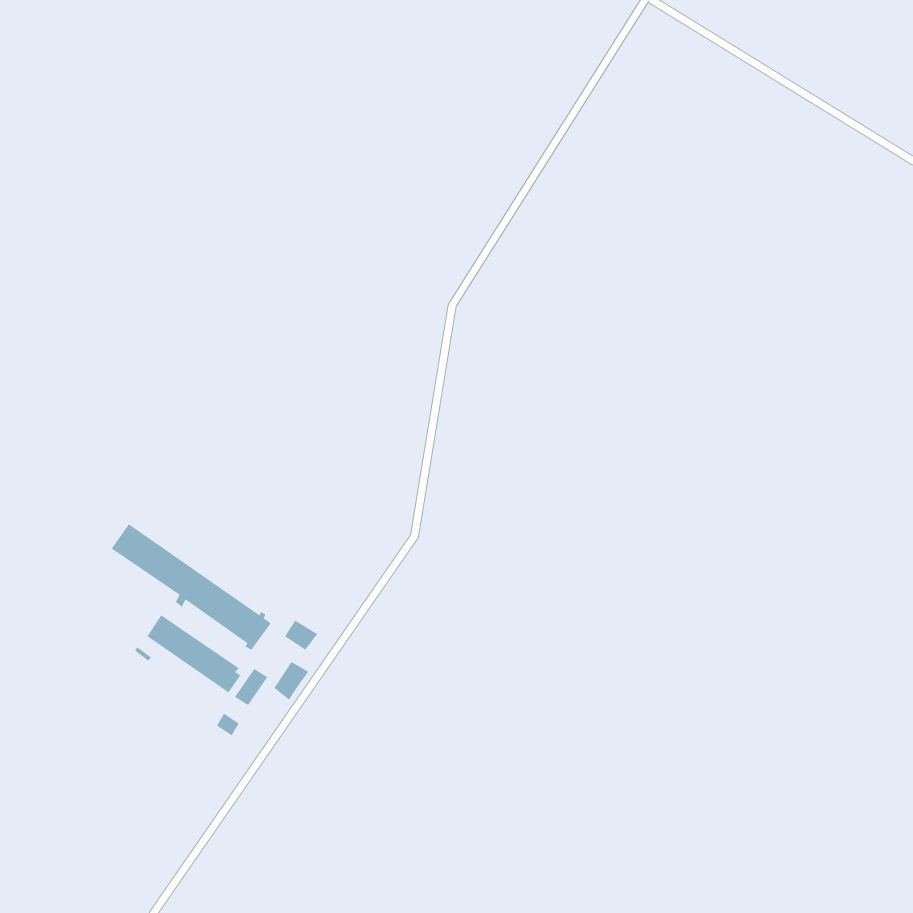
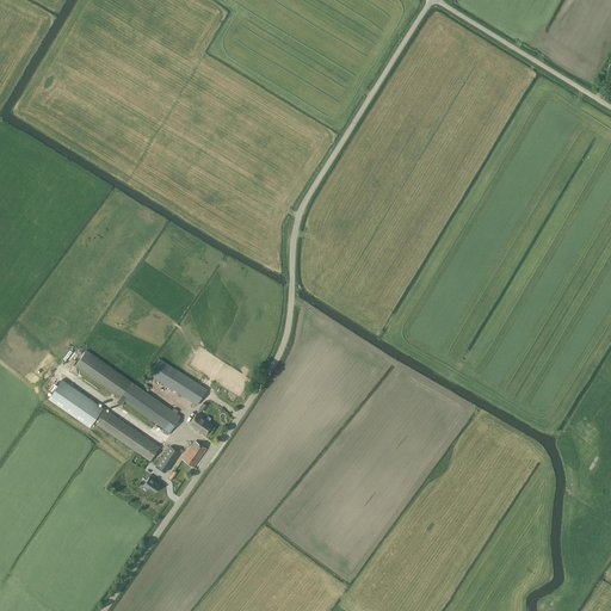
building: none -> [149,359,208,406]
building: none -> [48,378,103,428]

